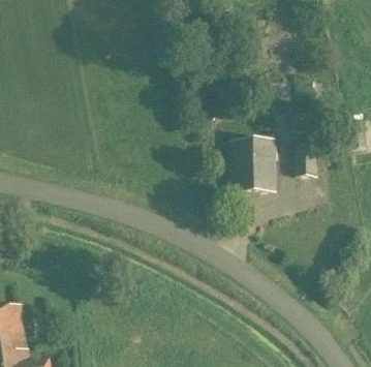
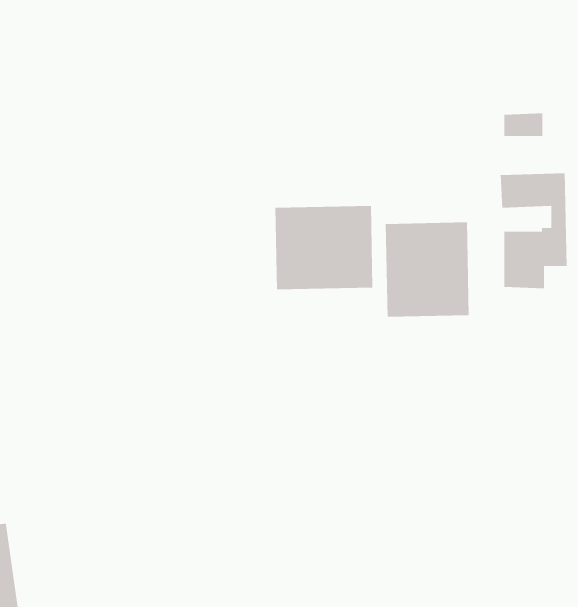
building: none -> [275,205,373,290]

